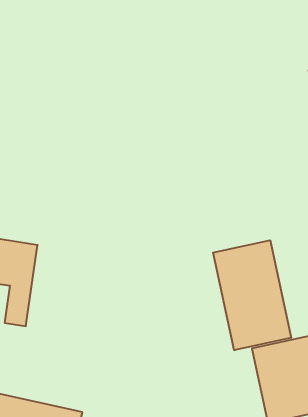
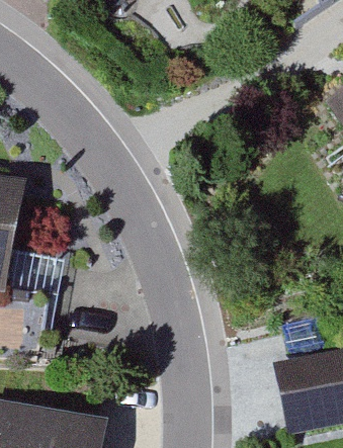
building: [213,240,291,350] -> none

